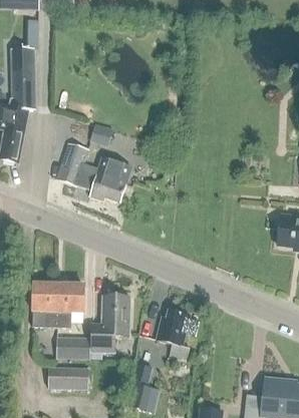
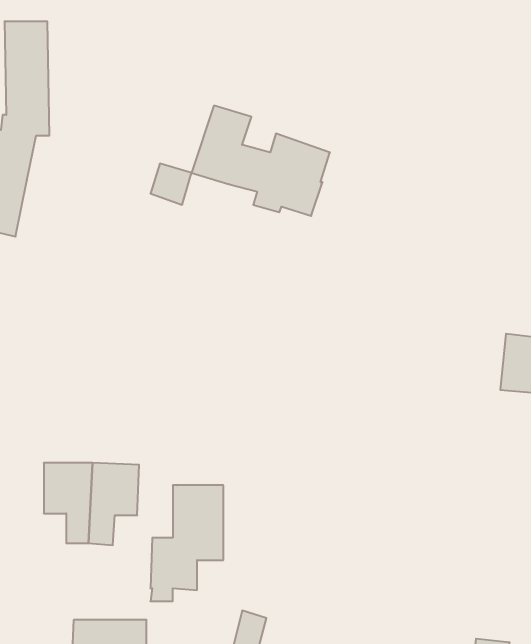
building: [55,142,129,201] -> [192,106,330,216]
building: [156,309,198,359] -> none
building: [56,338,88,358] -> none

